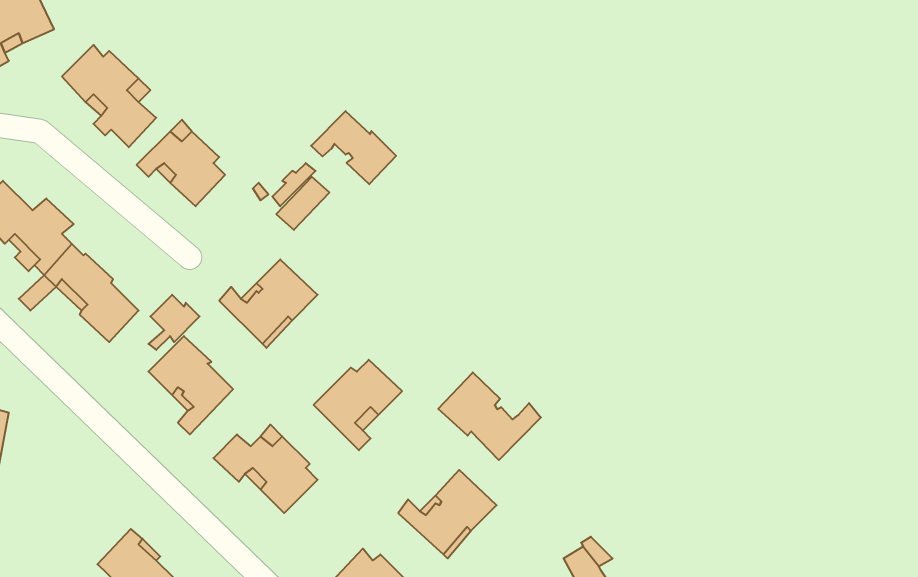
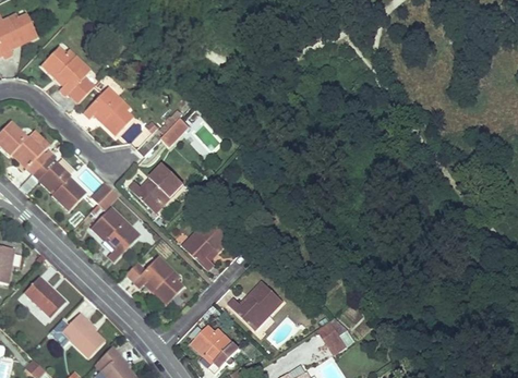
building: [311,111,396,184] -> none
building: [438,372,541,460] -> none
building: none -> [23,277,64,318]

